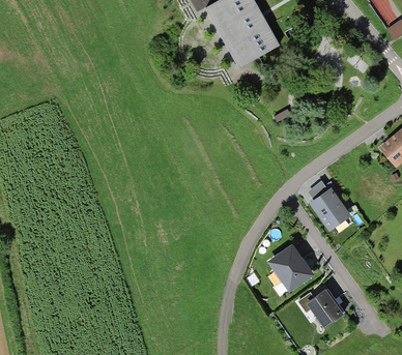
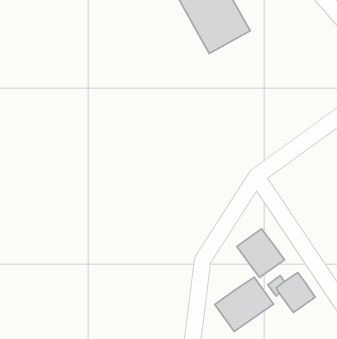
building: [310,187,351,231] -> none
building: none -> [215,277,274,332]

